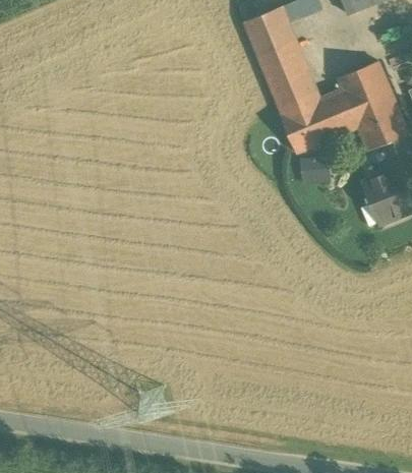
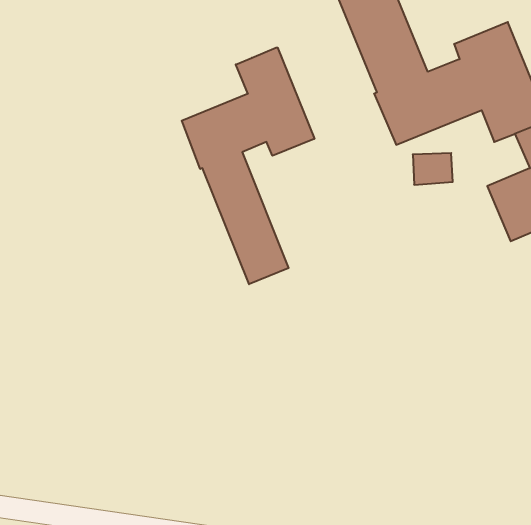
building: none -> [182,48,314,284]

